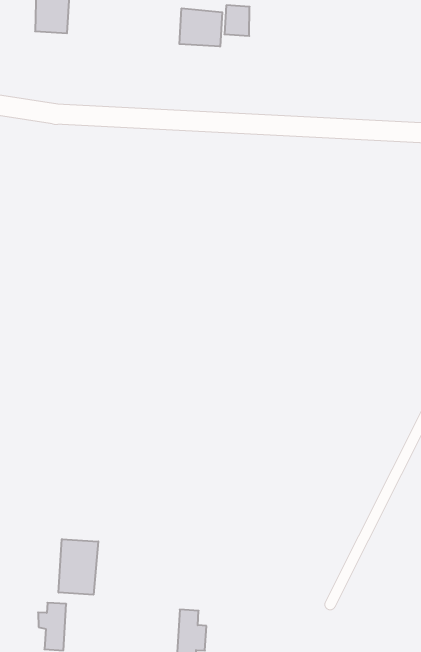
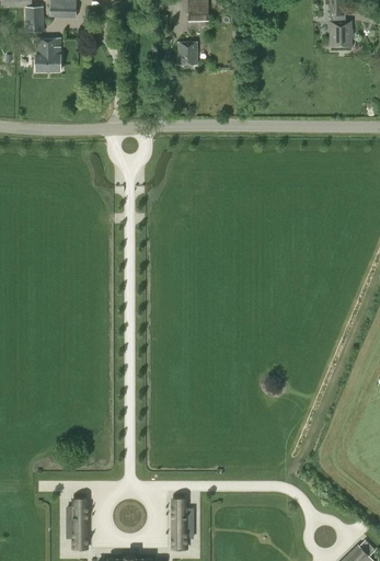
building: [179,8,222,47] -> none
building: [59,539,98,595] -> none

